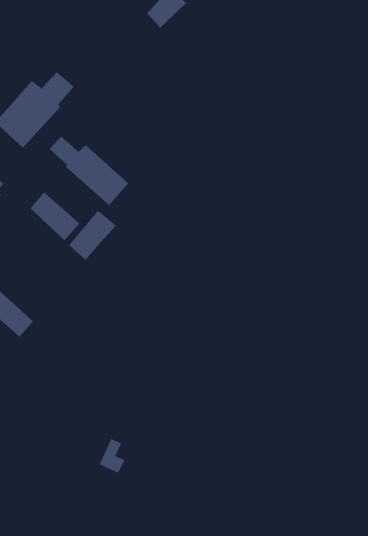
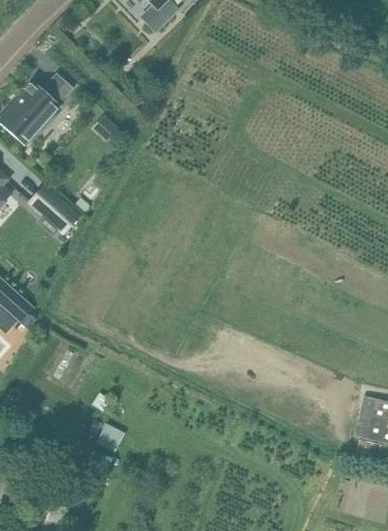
building: [49,136,129,206] -> none
building: [68,210,117,261] -> none

